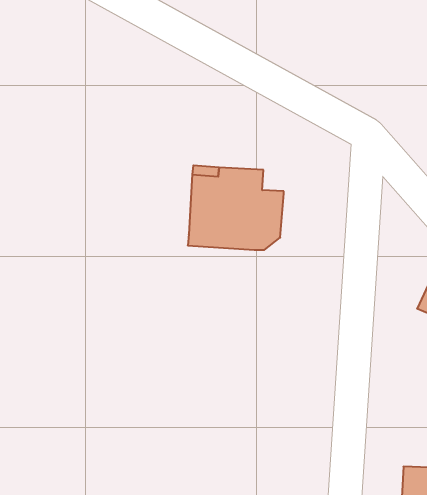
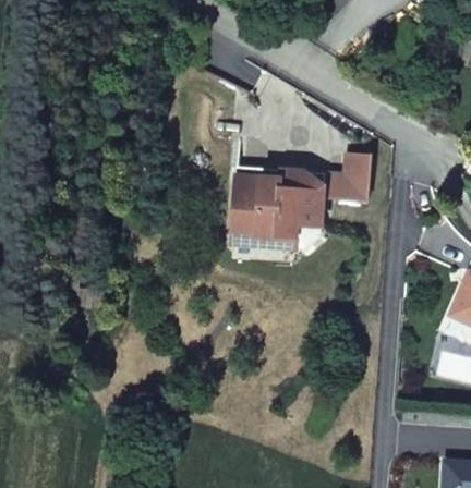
building: none -> [303,152,372,198]

